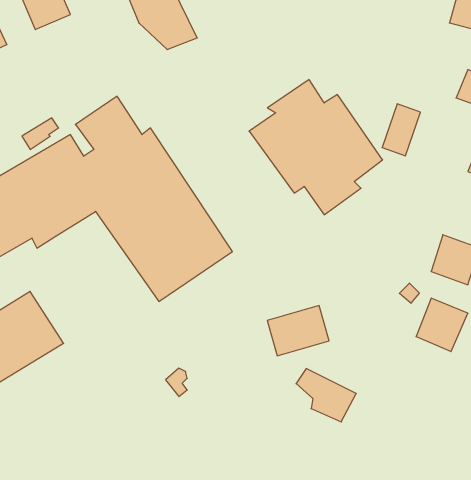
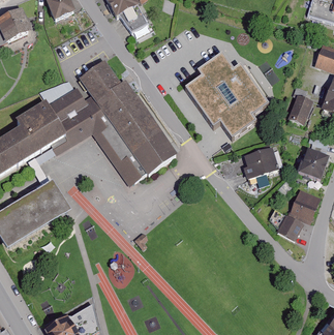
building: [382,104,420,156] -> [291,93,314,125]
building: [267,306,329,356] -> [242,147,280,178]
building: [296,369,356,422] -> [269,207,306,240]

